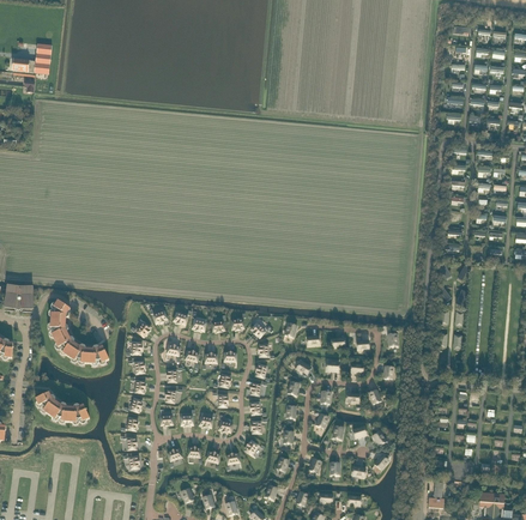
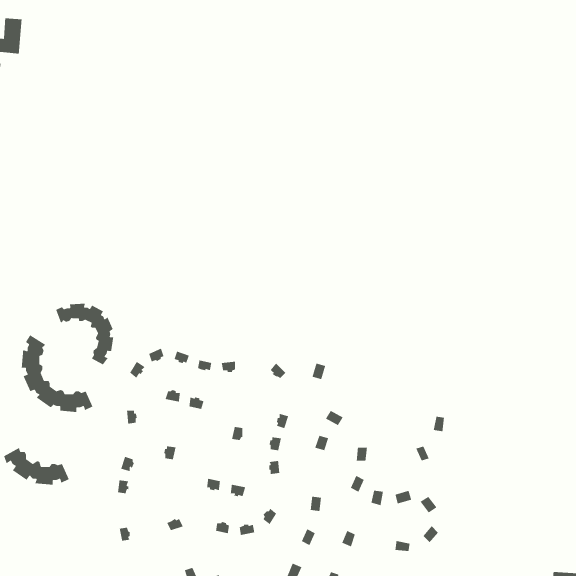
building: none -> [55,303,114,365]

